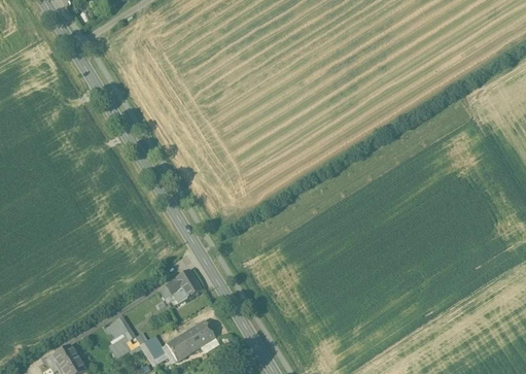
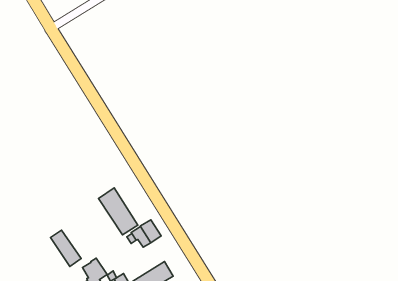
building: none -> [98,188,138,235]
building: none -> [51,230,81,267]

